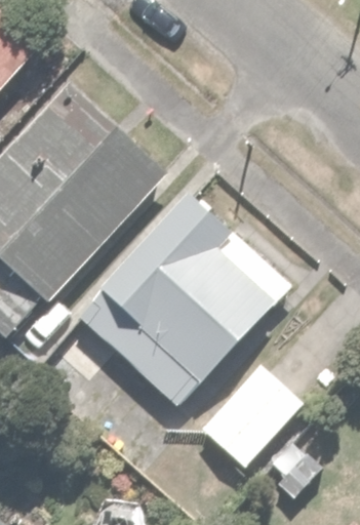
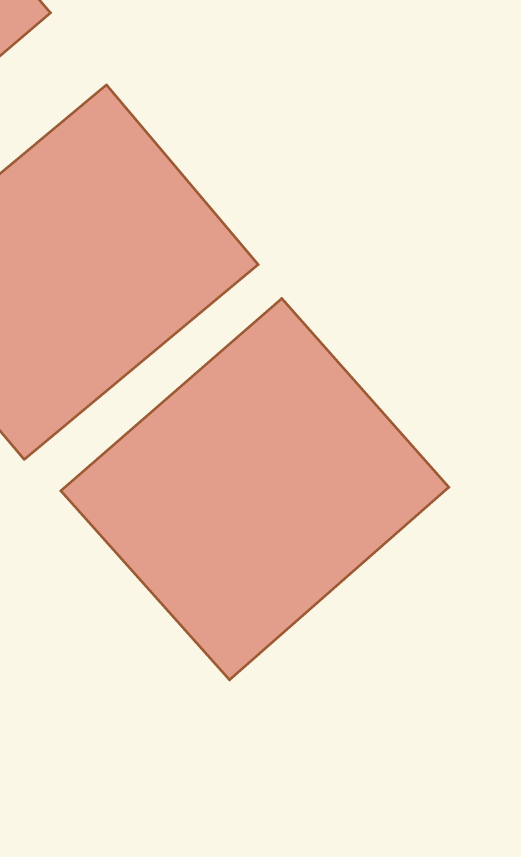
building: [191,359,305,475] -> none

